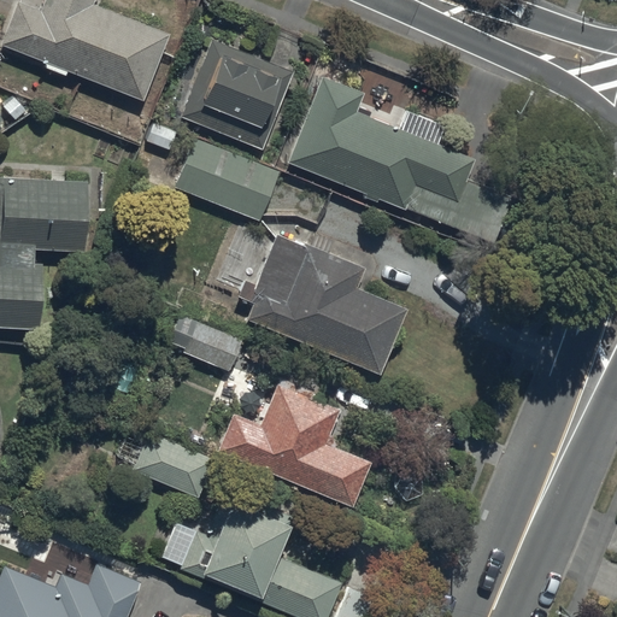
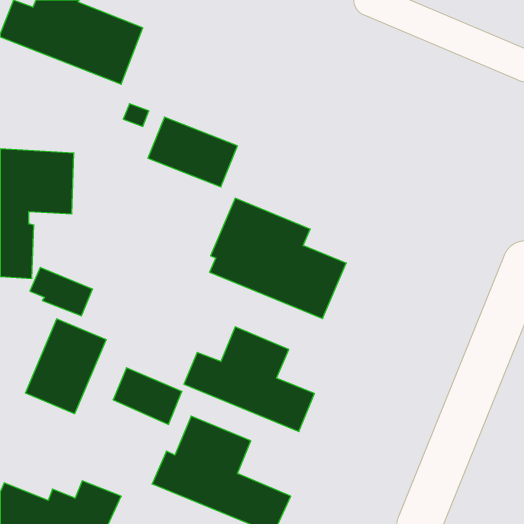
building: [181,40,293,149] -> none
building: [287,76,474,210] -> none
building: [169,315,242,371] -> [30,267,93,316]
building: none -> [25,319,106,414]

